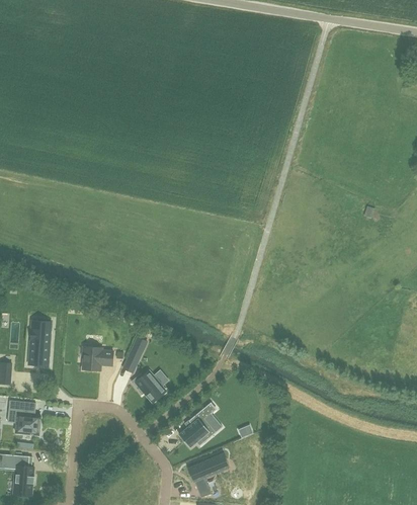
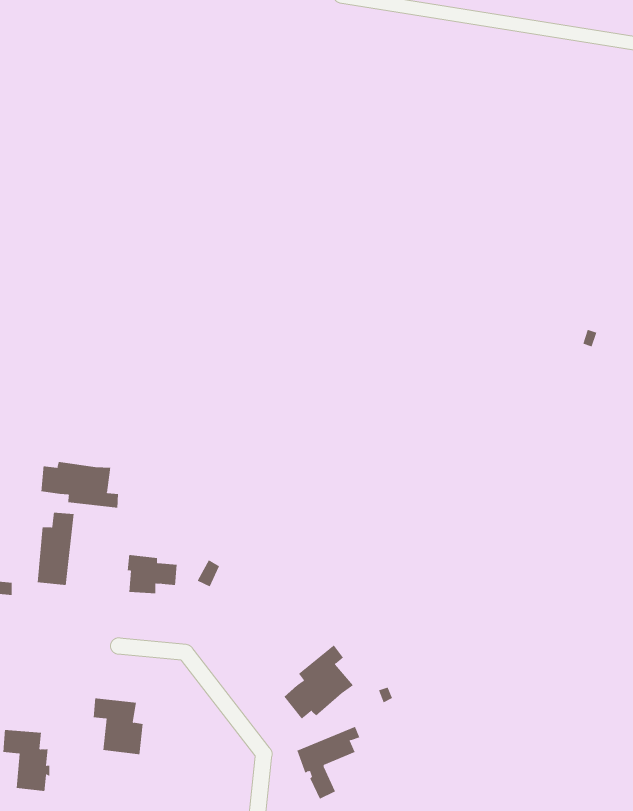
building: none -> [41,461,119,508]
building: [132,369,166,402] -> none
building: [9,399,40,434] -> [93,698,143,755]

